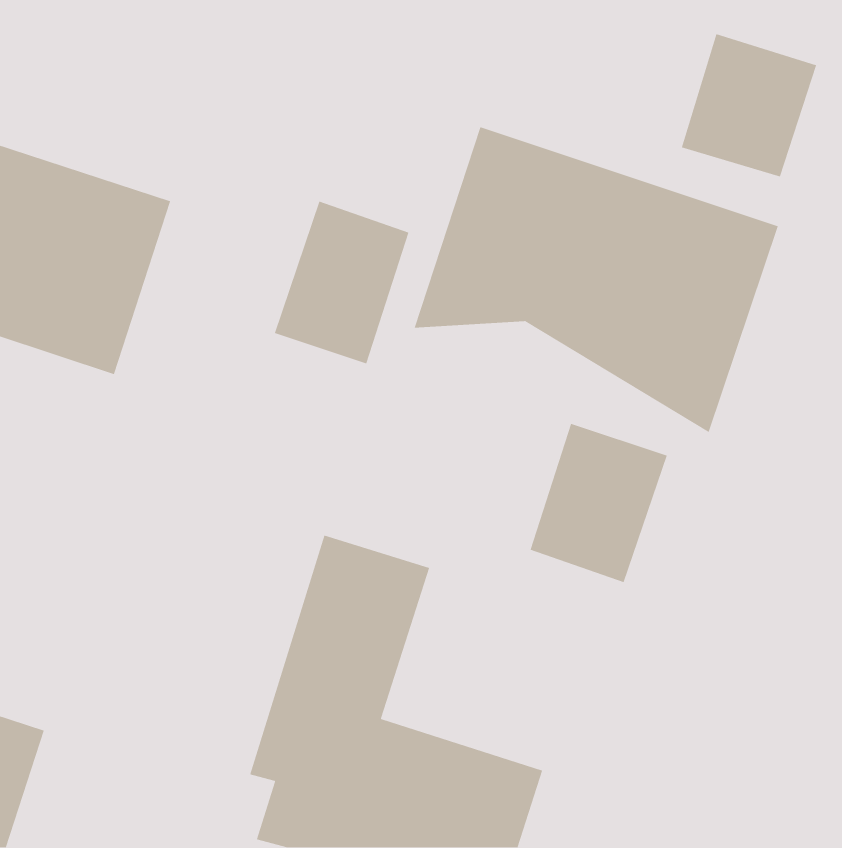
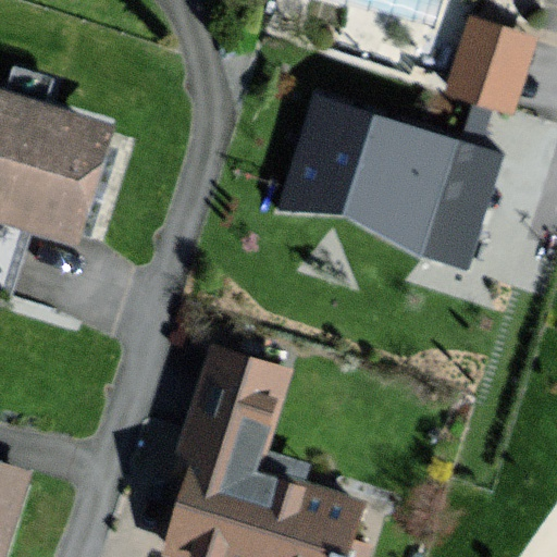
building: [274,201,410,364] -> none
building: [529,423,668,583] -> none

